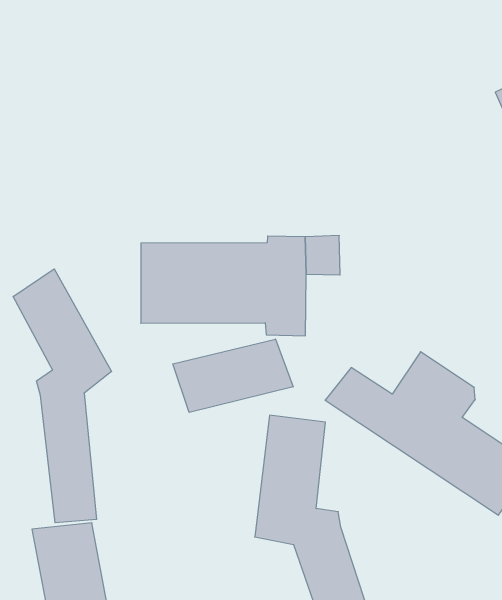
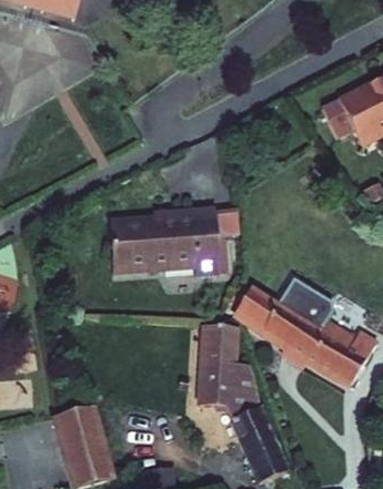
building: [13,269,112,523] -> none
building: [173,339,293,412] -> none

